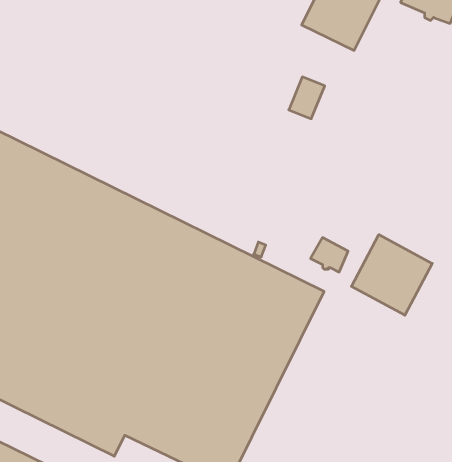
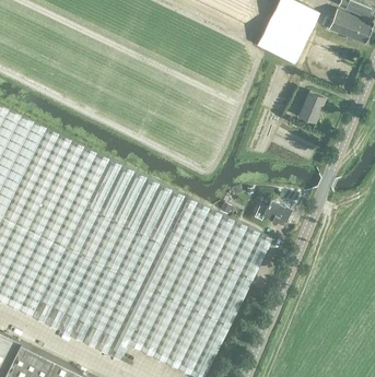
building: [289,77,325,119] -> [298,92,325,122]
building: [351,235,432,315] -> none

